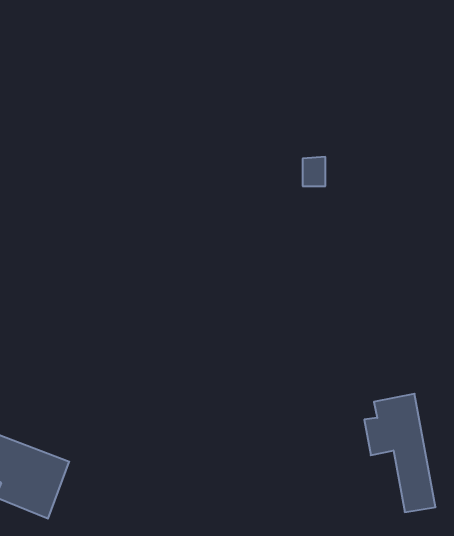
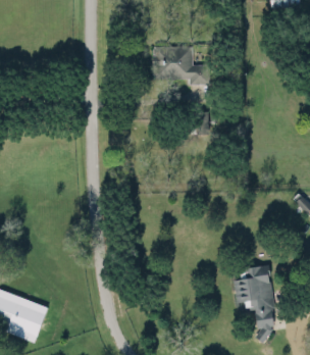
building: none -> [153,46,212,85]

